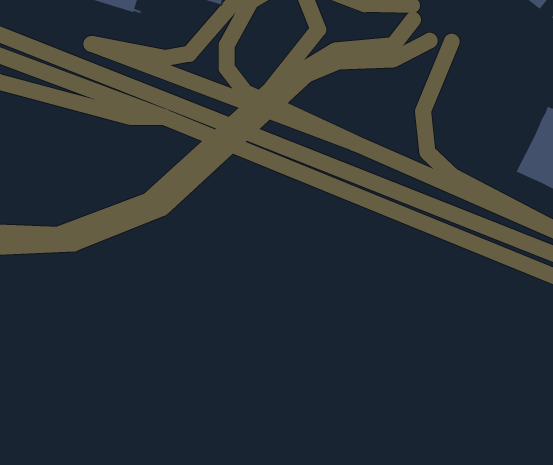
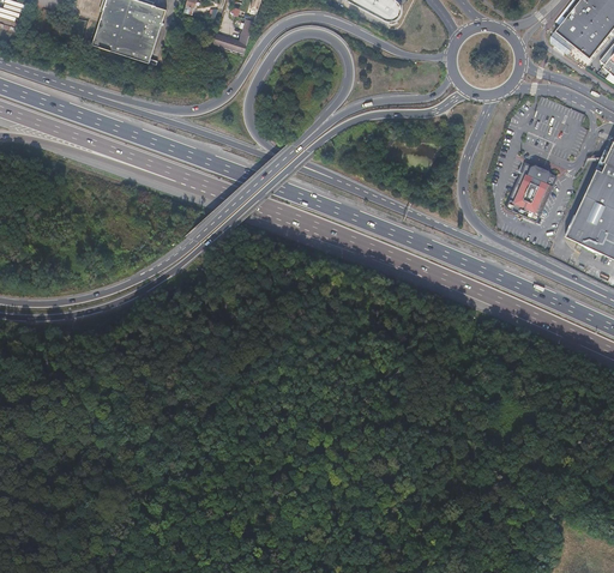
building: none -> [512,165,554,213]

